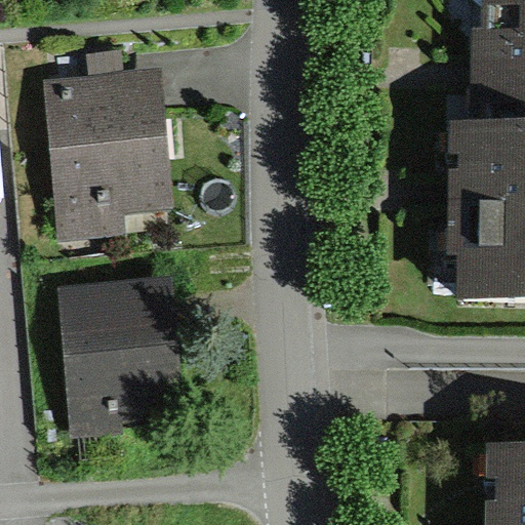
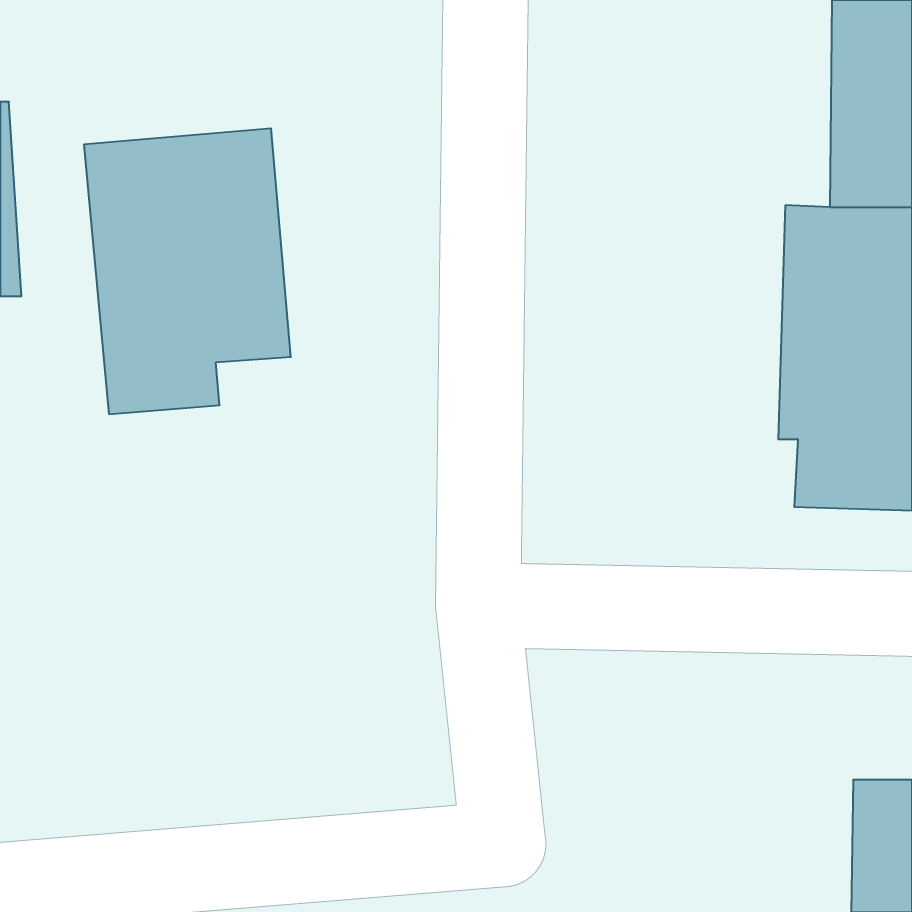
building: [64,283,179,433] -> none

